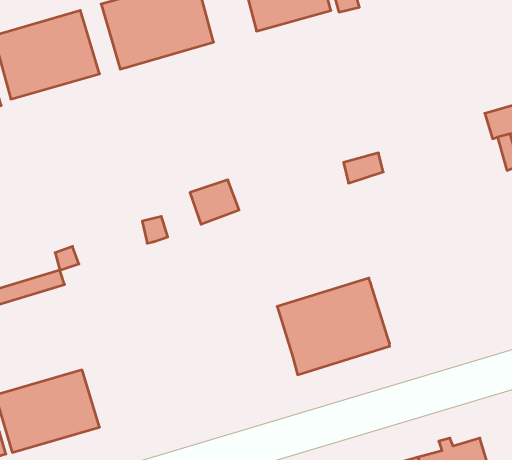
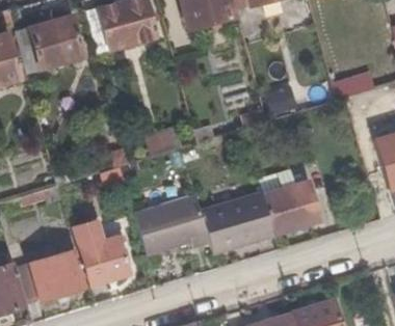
building: none -> [262,182,320,234]
building: none -> [134,194,211,256]
building: none -> [77,221,136,284]

